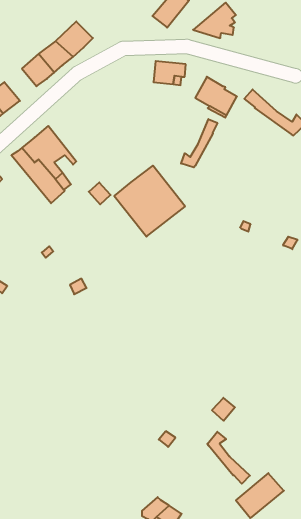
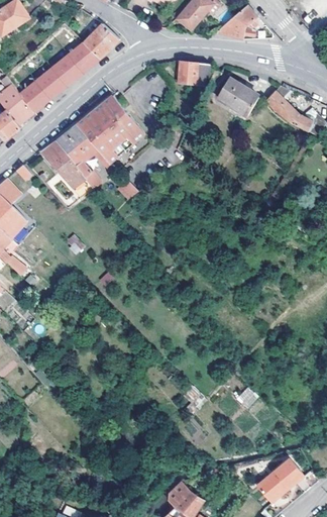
building: none -> [33,69,65,100]
building: [181,119,217,167] -> none
building: [114,166,185,237] -> [76,95,144,164]
building: [207,432,250,484] -> none

